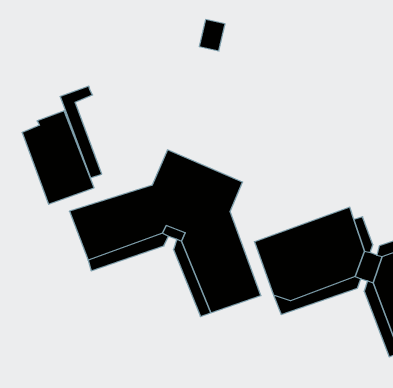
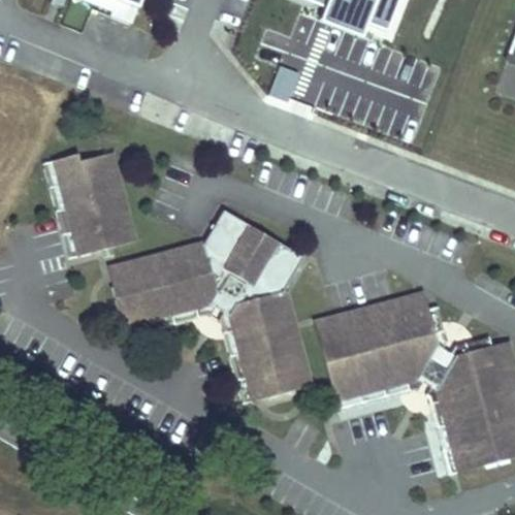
building: [60,86,102,178] -> [45,152,84,256]

